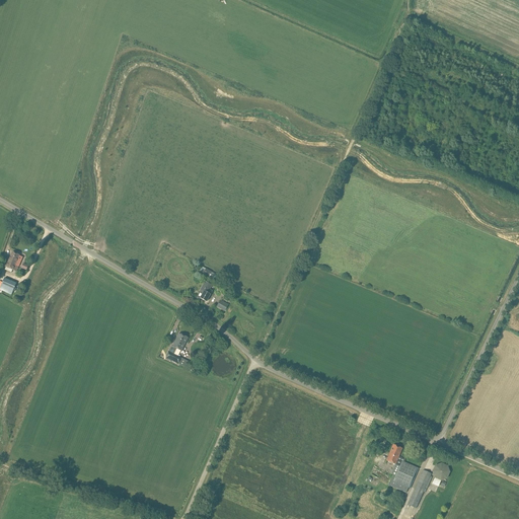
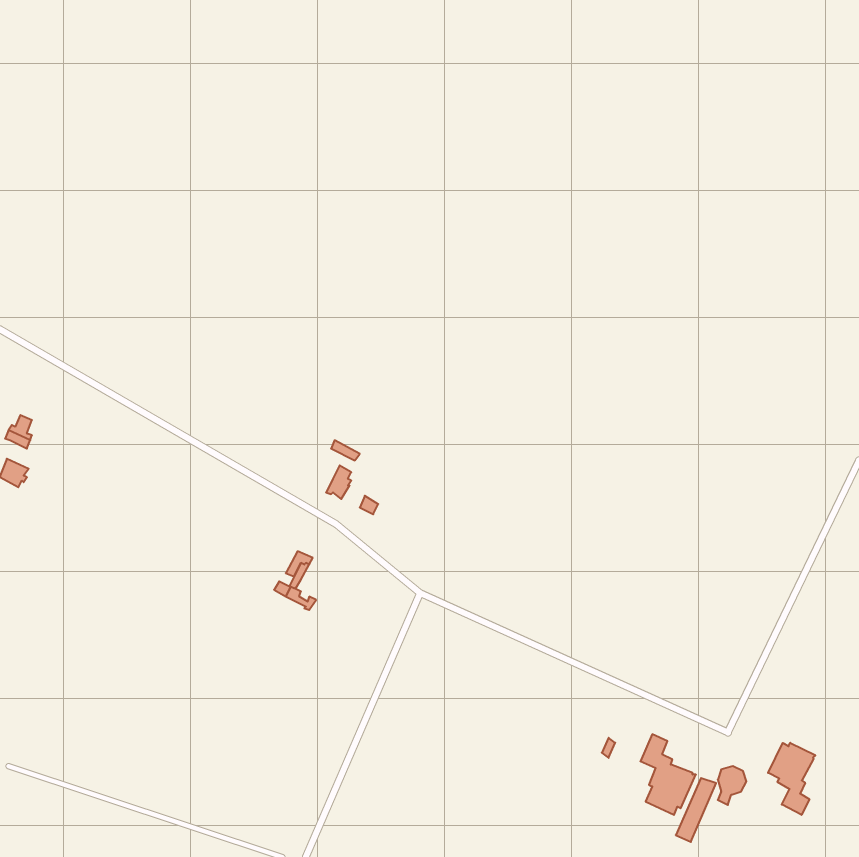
building: none -> [768,743,815,815]

